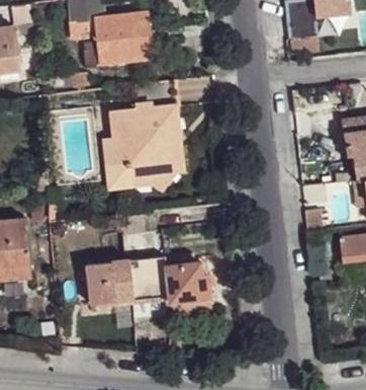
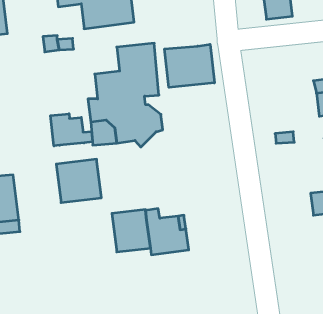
building: none -> [165,44,214,87]
building: none -> [51,114,92,146]
building: [87,258,134,304] -> [56,159,101,203]

